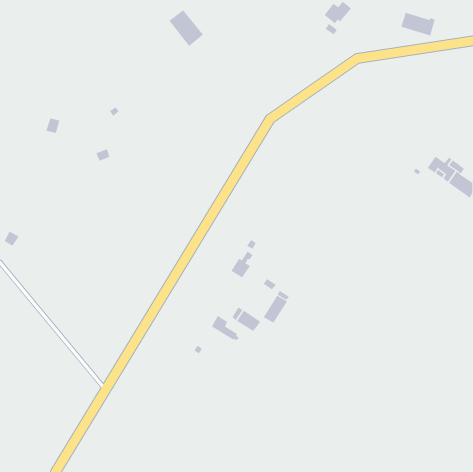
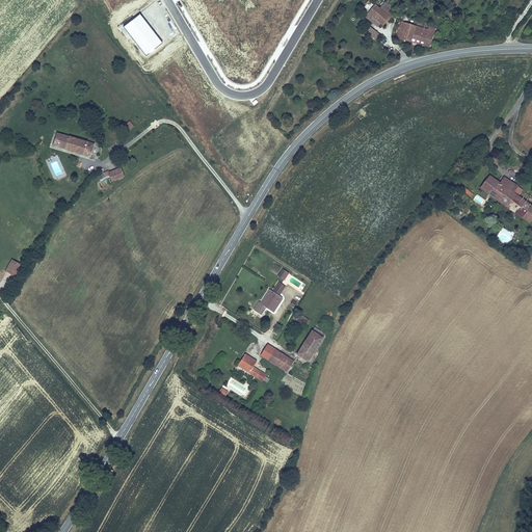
building: [169,10,204,47] -> [123,12,162,54]
building: [400,12,436,36] -> [395,20,434,47]
building: none -> [63,135,94,157]

